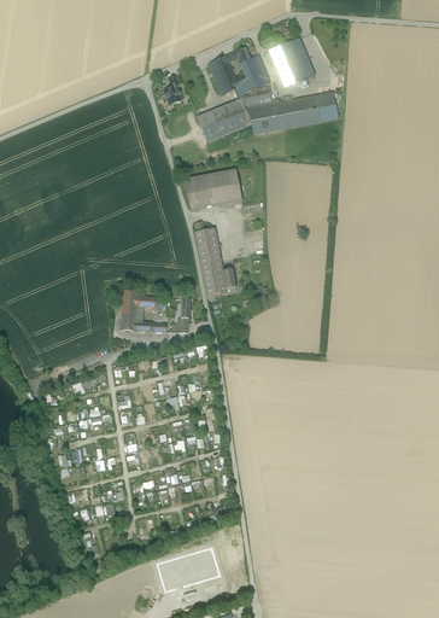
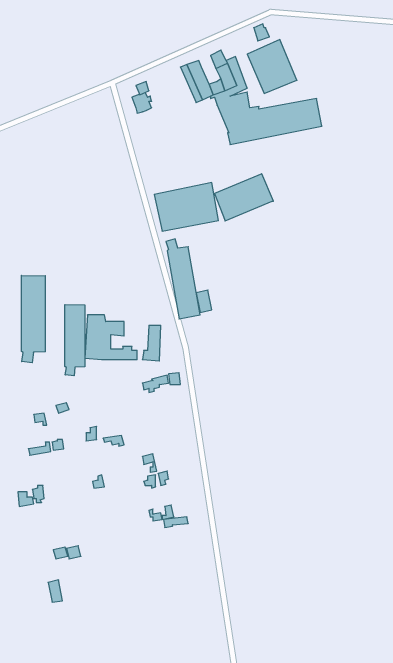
building: [198,98,252,141] -> [215,174,273,221]
building: none -> [21,275,45,363]
building: none -> [65,305,85,376]

